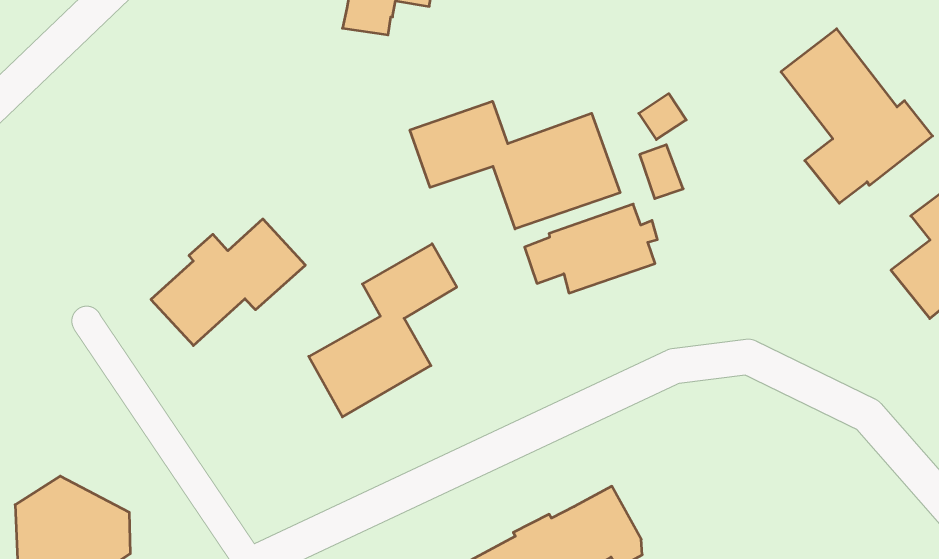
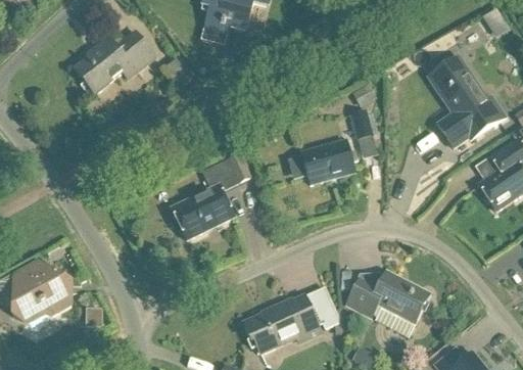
building: [410,101,620,229] -> none
building: [151,219,305,346] -> [74,31,155,94]
building: none -> [345,271,430,324]

